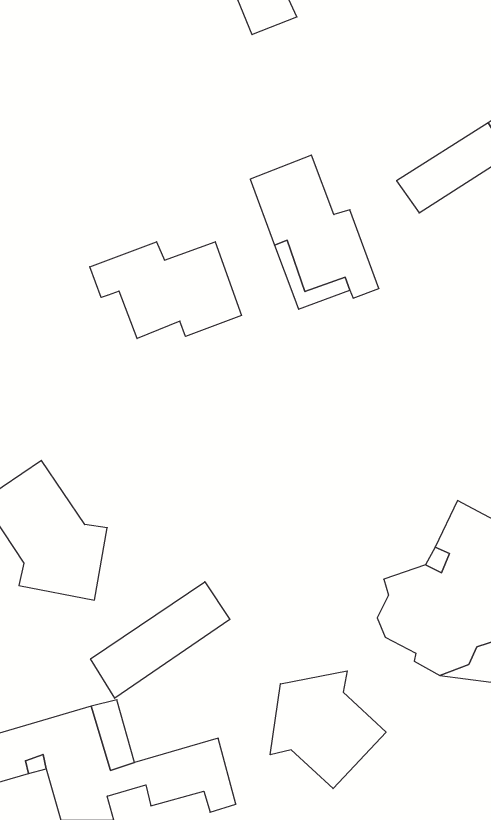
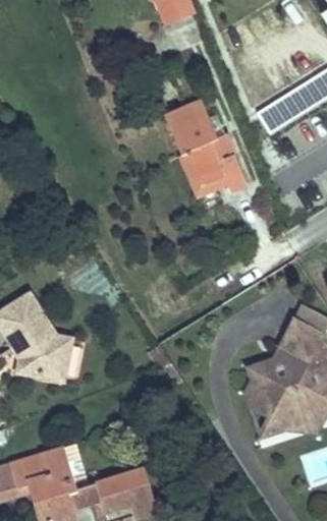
building: [90,242,241,339] -> none
building: [91,582,230,698] -> none
building: [270,671,386,789] -> none

